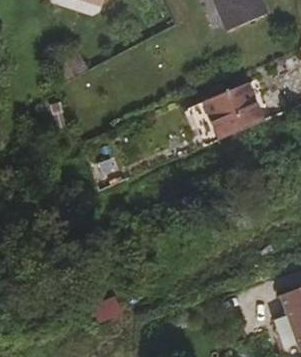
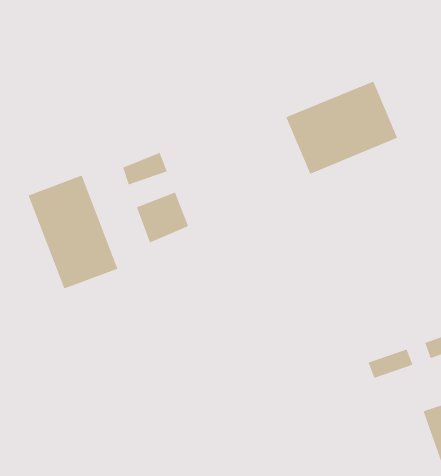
building: none -> [28,175,118,290]

